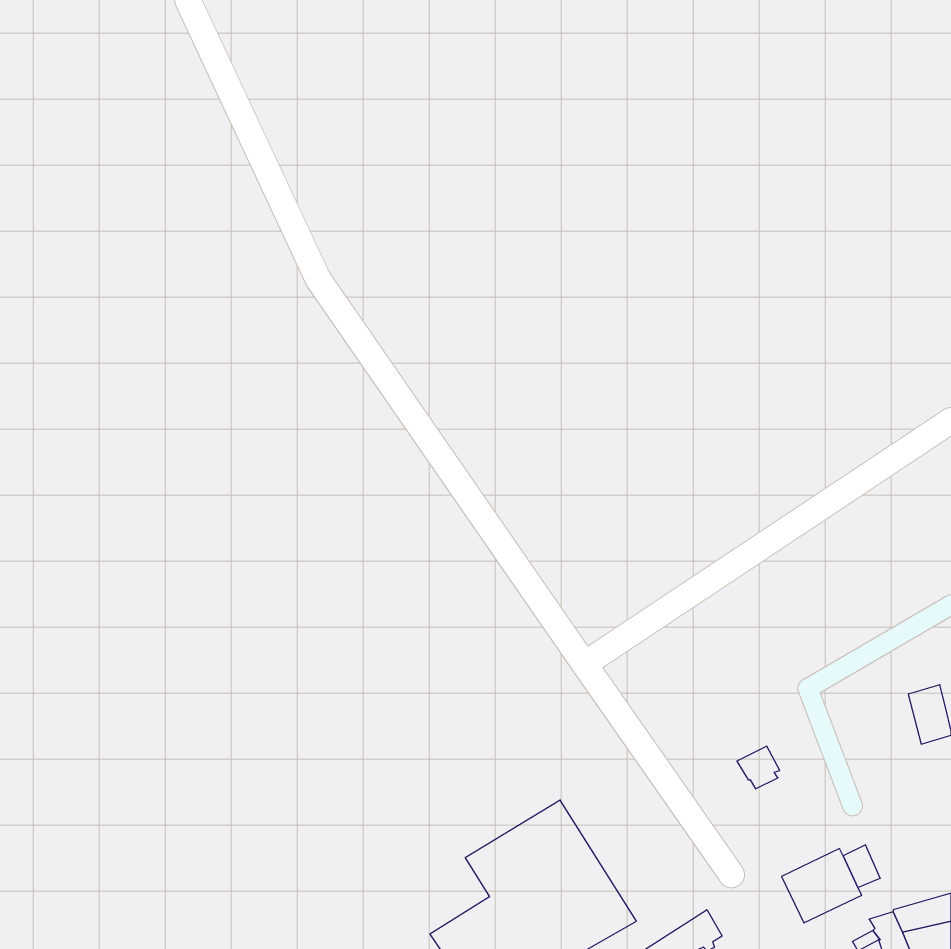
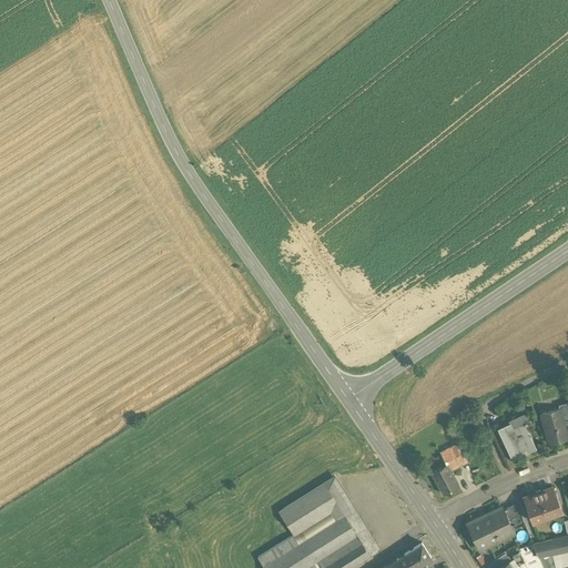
building: none -> [497,424,536,458]
building: none -> [432,466,458,496]
building: none -> [523,488,560,520]

